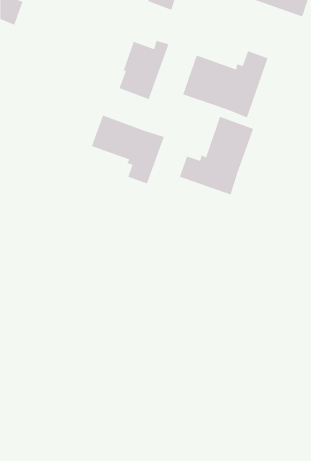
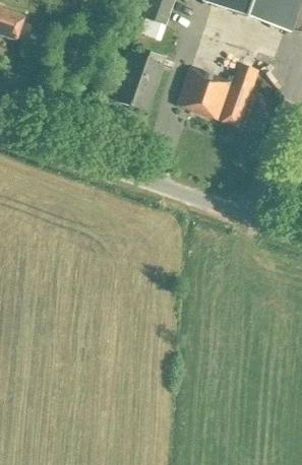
building: [91,115,165,184] -> none
building: [179,116,254,196] -> none

